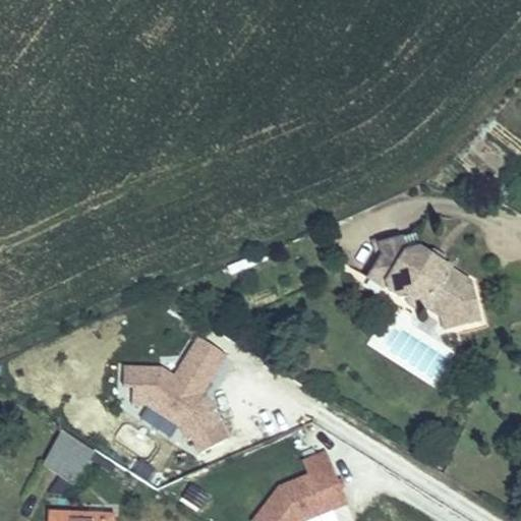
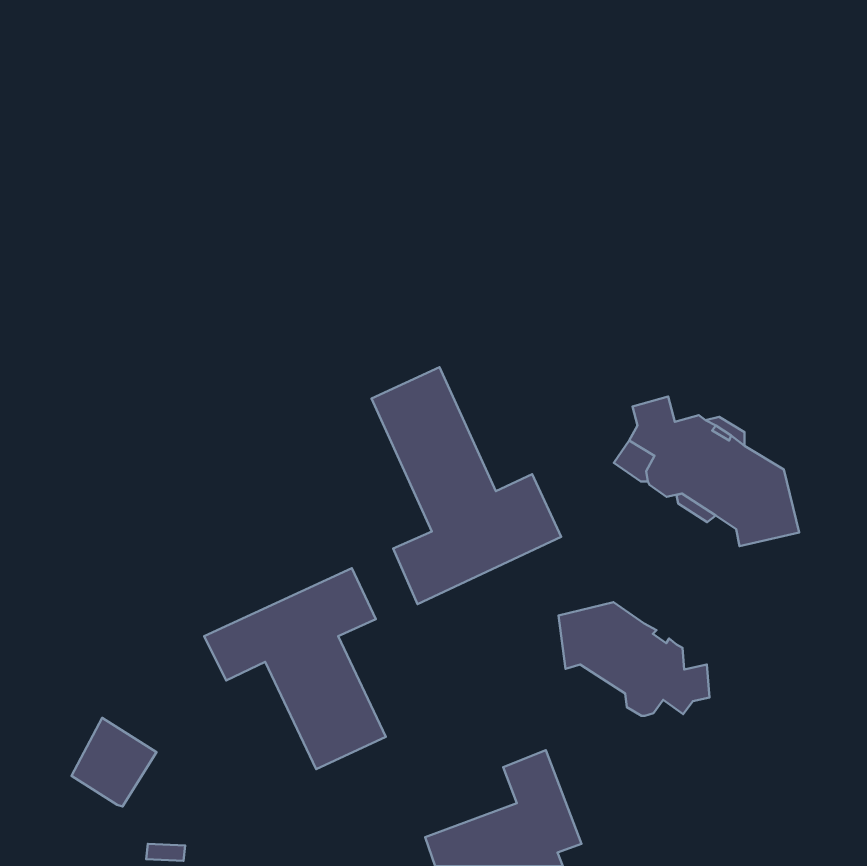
building: none -> [372,367,561,604]
building: none -> [558,602,709,716]

